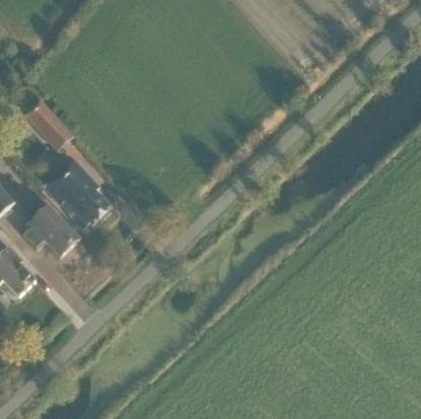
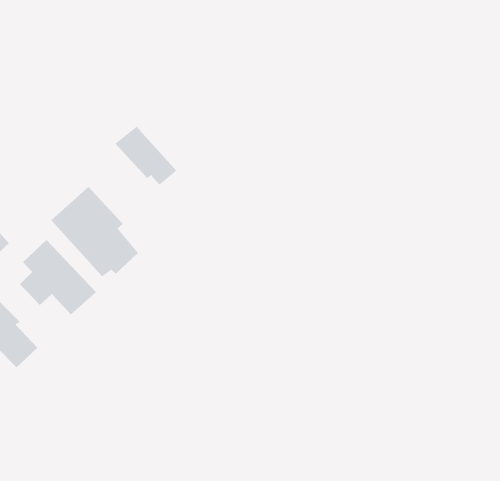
building: [23,100,70,145] -> [115,126,177,186]

